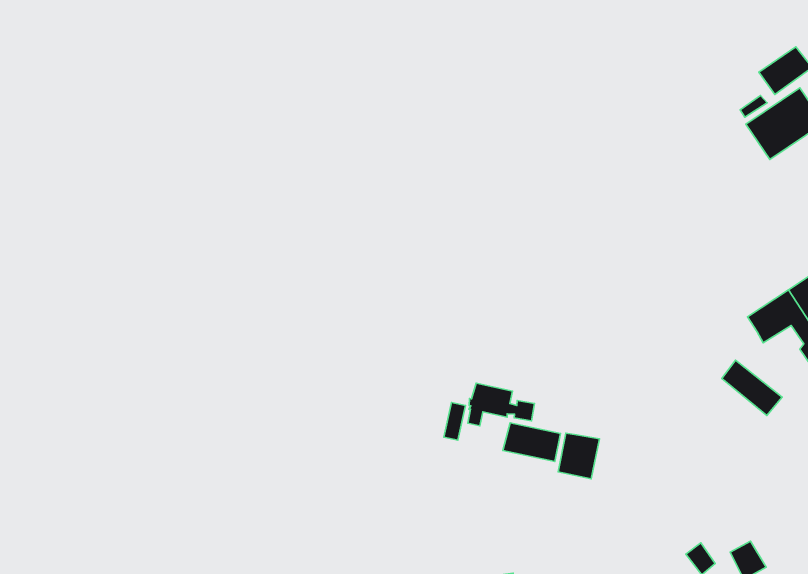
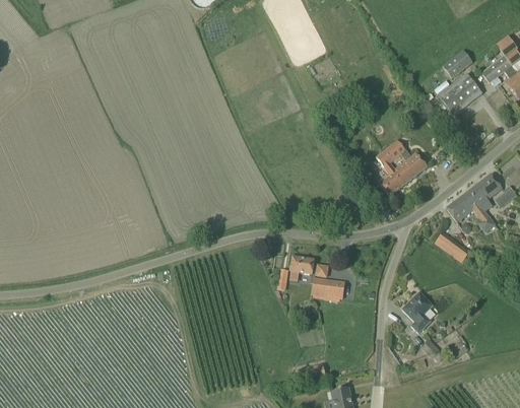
building: none -> [376,139,427,196]
building: [558,433,600,479] -> none
building: none -> [401,292,433,333]

